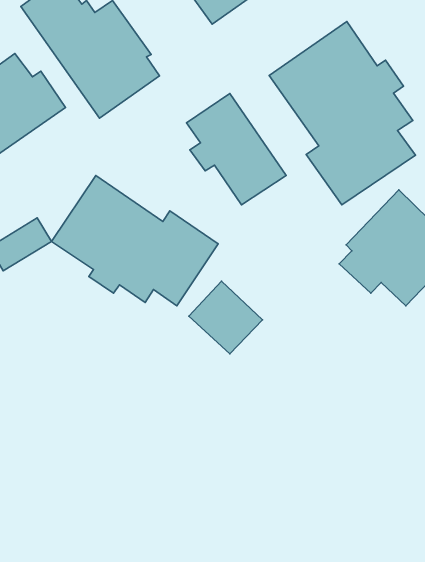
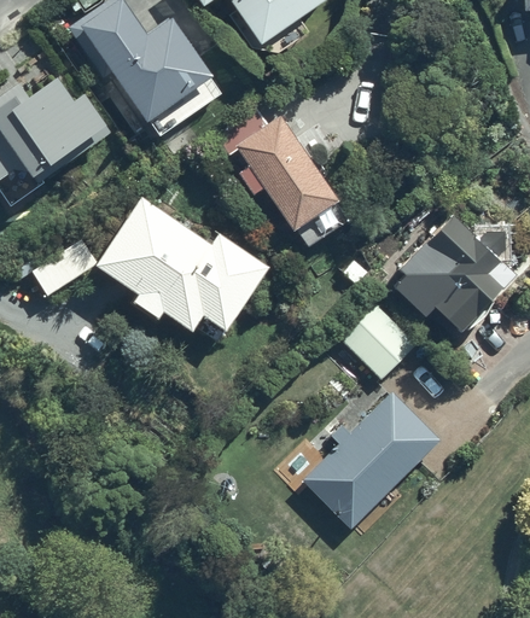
building: [269,21,415,205] -> none
building: [189,281,263,354] -> [339,307,415,381]
building: none -> [303,393,441,529]

